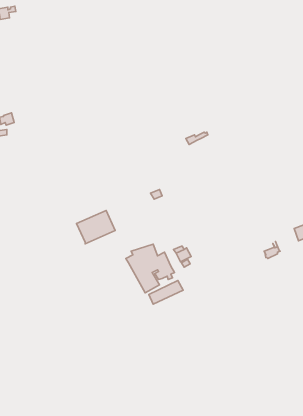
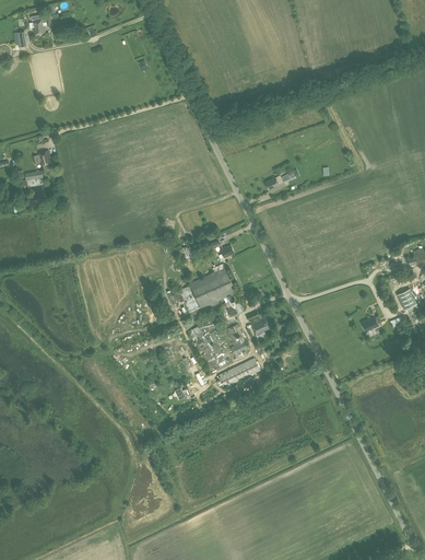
building: [76,210,115,244] -> [188,267,236,308]

